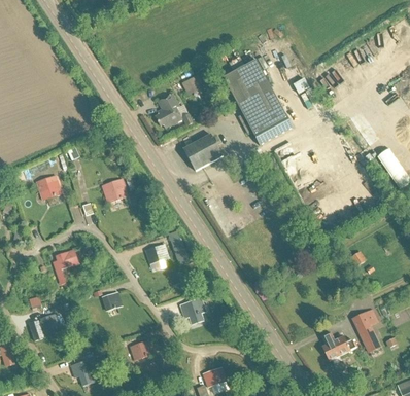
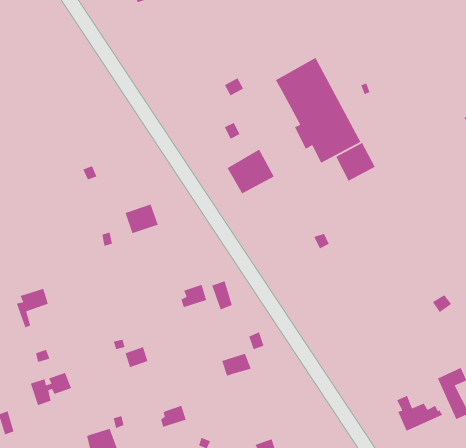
building: [156,95,181,129] -> none
building: none -> [335,142,376,182]
building: [37,176,63,200] -> none
building: [53,249,79,282] -> [16,288,49,329]

